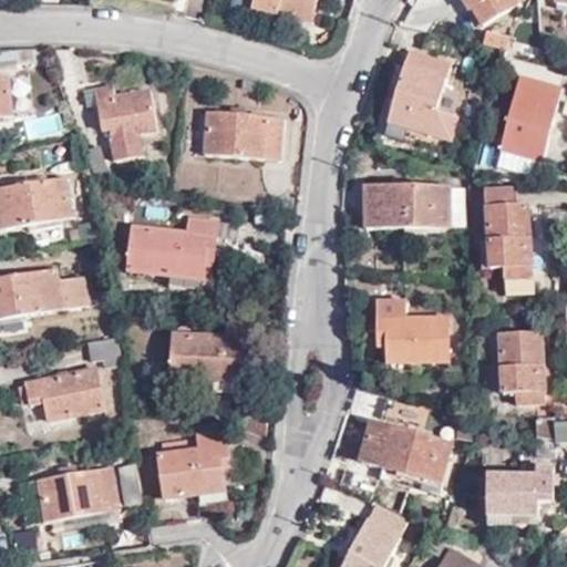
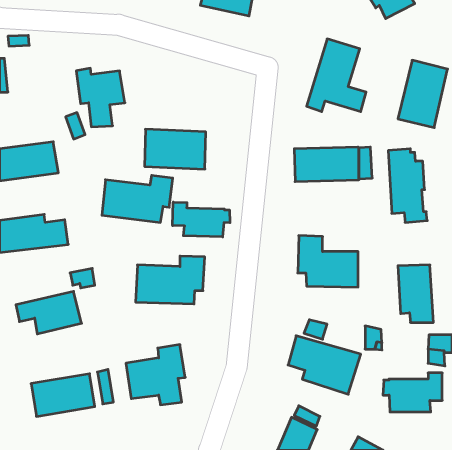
building: [204,107,280,157] -> [145,129,206,169]
building: none -> [173,202,230,237]

